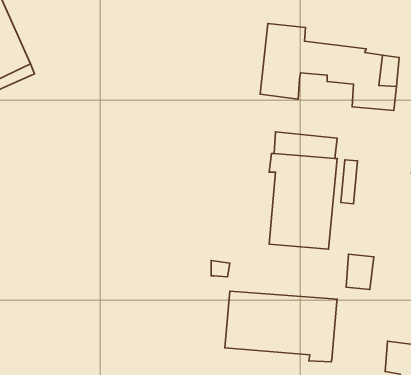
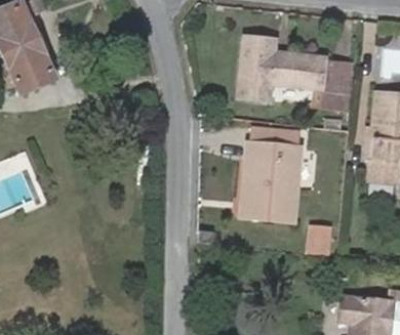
building: [225,291,337,362] -> none

